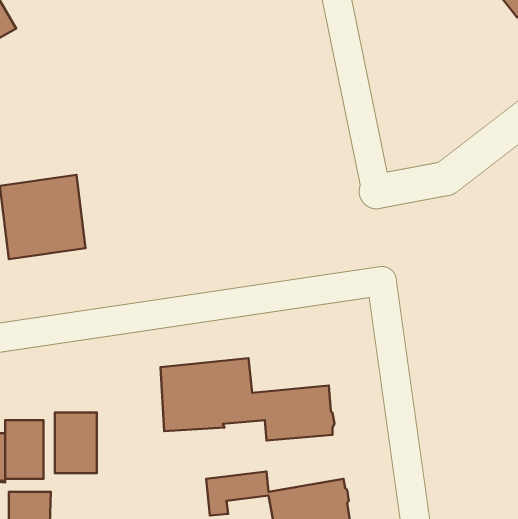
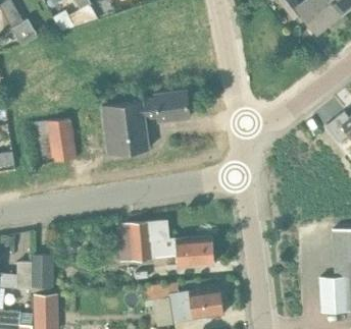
building: none -> [102,90,189,154]
building: [55,413,97,473] -> none

